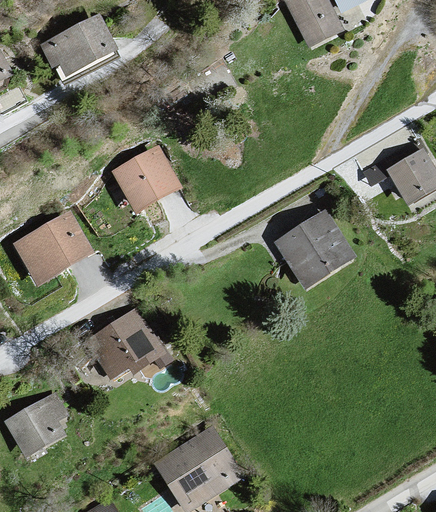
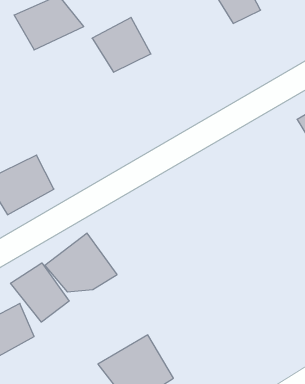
building: [111,145,182,211] -> [92,17,151,72]
building: [272,208,357,289] -> none
building: none -> [11,263,69,322]

